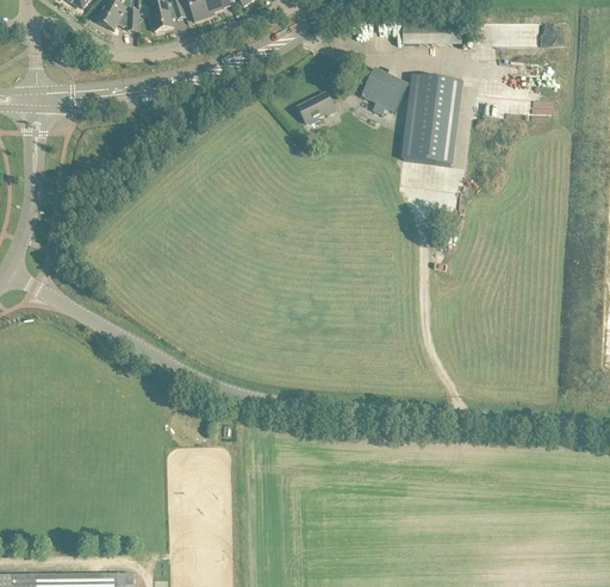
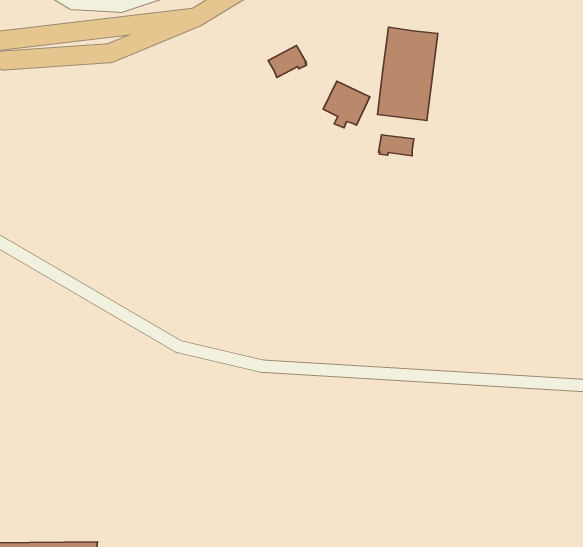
building: [361,68,406,113] -> [323,81,370,128]
building: none -> [379,135,414,156]

